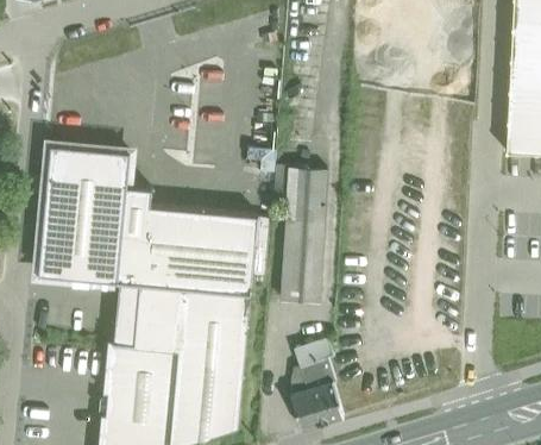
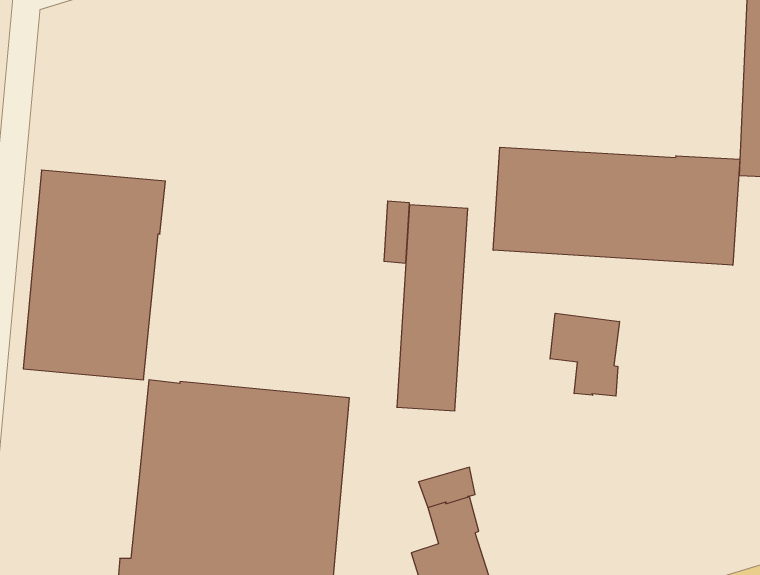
building: none -> [493,147,740,265]
building: [117,189,258,296] -> none
building: none -> [550,313,619,396]

